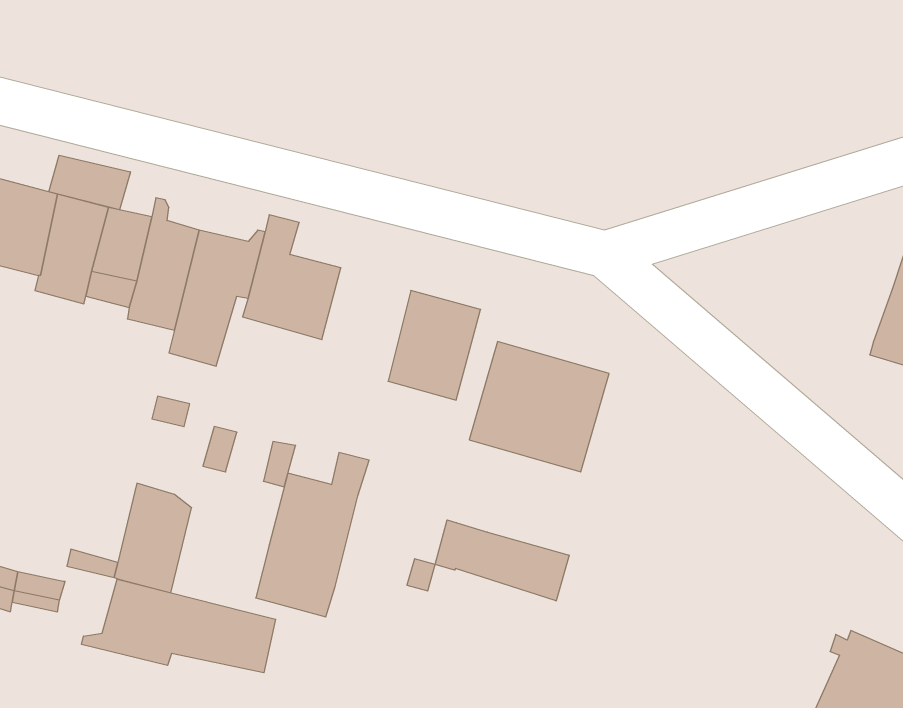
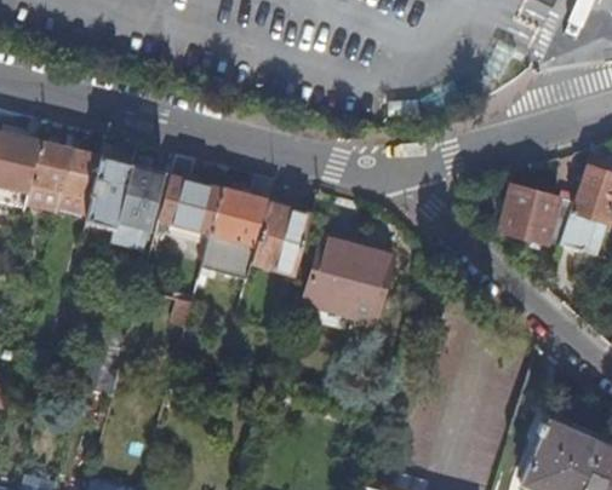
building: [49,155,130,210] -> none
building: none -> [501,183,576,242]
building: [256,453,369,617] -> [201,174,274,279]
building: [435,520,569,601] -> none
building: [82,579,276,673] -> none

